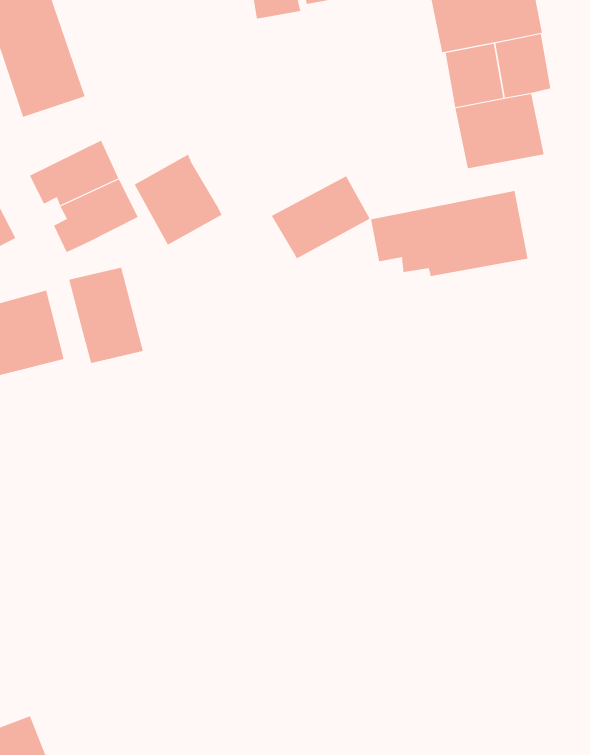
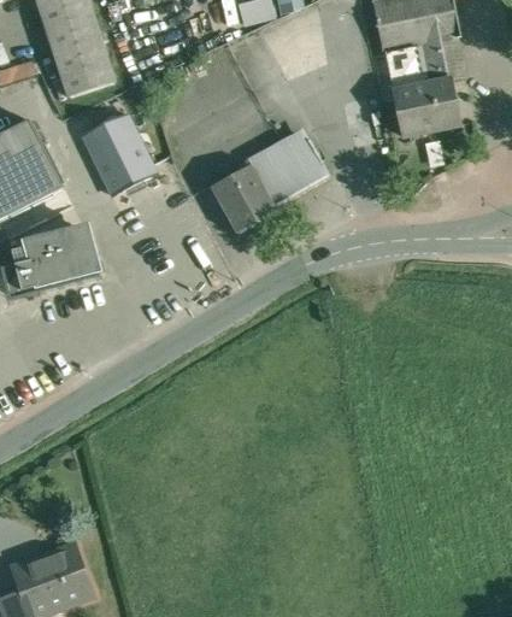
building: [134,154,222,246] -> [210,164,276,233]
building: [371,190,528,277] -> none
building: [69,267,144,364] -> none

